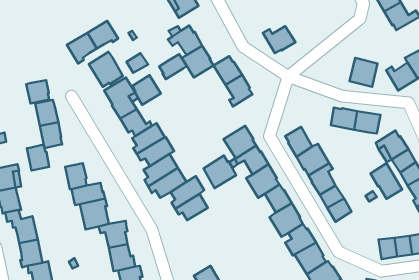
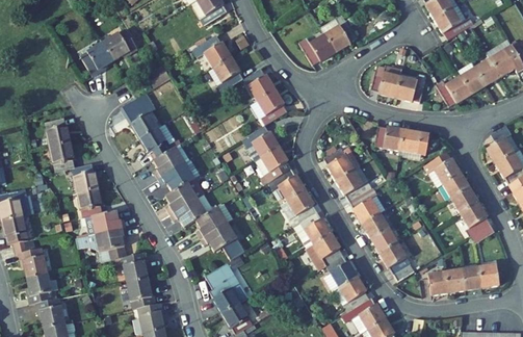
building: none -> [323,22,356,53]
building: [89,52,123,87] -> none
building: none -> [370,66,401,97]
building: [159,54,186,79] -> none
building: [132,75,161,105] -> none
building: [26,80,49,103] -> none
building: [27,144,49,170] -> [73,163,98,192]
building: [203,155,236,188] -> [242,125,279,161]
building: [371,163,402,199] -> [380,242,415,282]
building: none -> [205,262,247,314]

